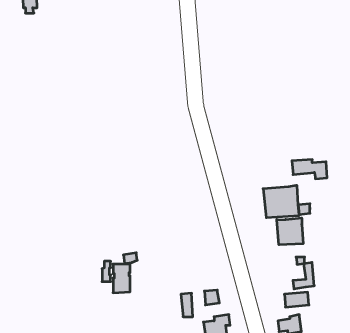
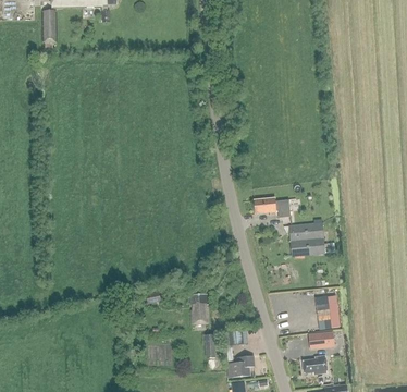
building: [292,160,327,179] -> [254,198,289,218]
building: [277,218,303,245] -> none
building: [113,264,130,293] -> [189,295,207,324]

